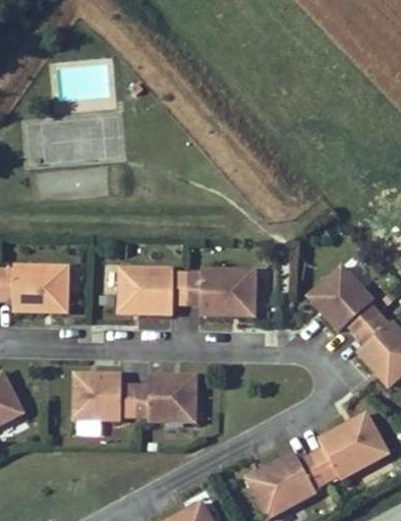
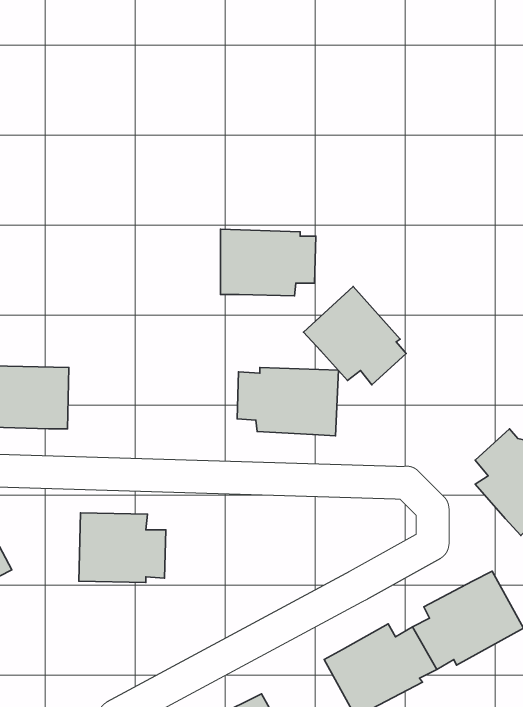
building: [306,264,380,334] -> [303,286,406,385]
building: [118,266,186,313] -> [220,229,316,296]
building: [133,373,196,423] -> none

